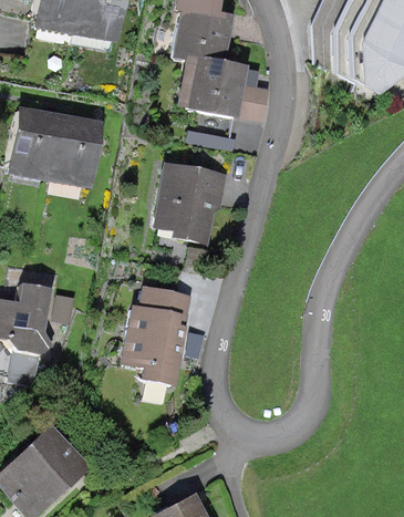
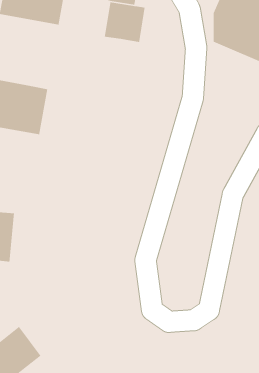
building: [185,55,242,112] -> none
building: [164,166,219,234] -> none
building: [126,291,180,385] -> none

